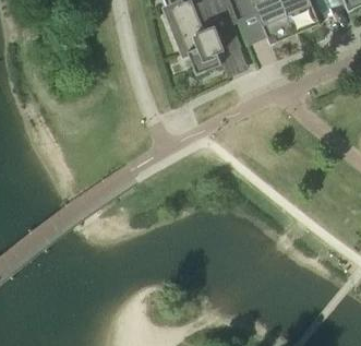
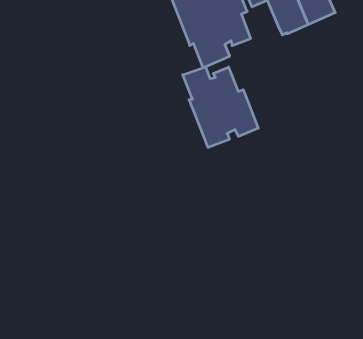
building: none -> [183,67,258,147]

